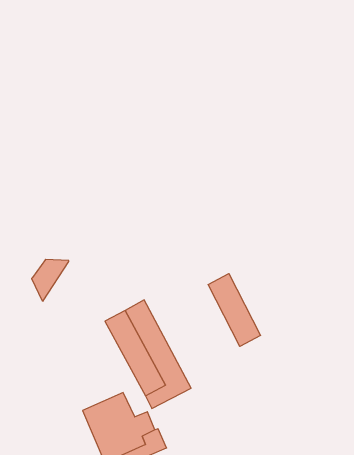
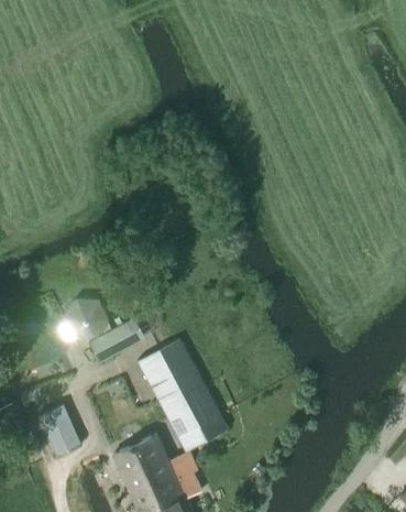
building: [208,274,261,346] -> none
building: none -> [88,320,139,363]
building: none -> [39,404,81,456]

